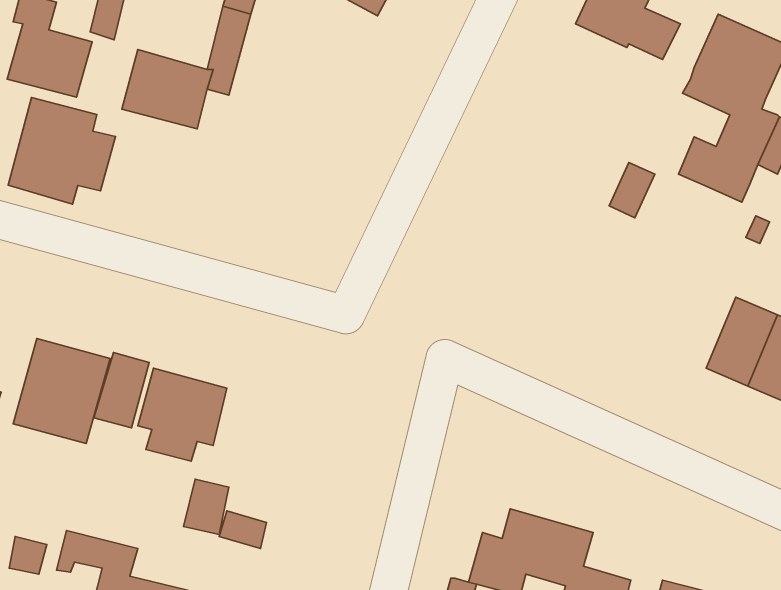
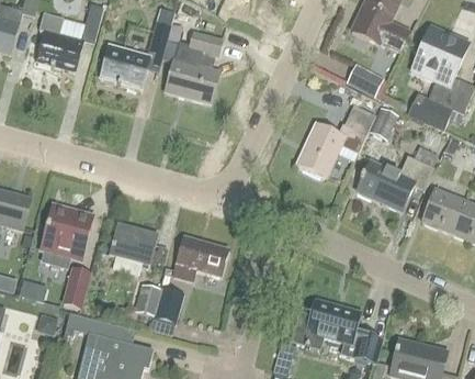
building: none -> [166,32,222,102]
building: none -> [346,67,384,97]
building: [8,98,115,204] -> none
building: none -> [297,104,375,176]
building: none -> [357,155,434,211]
building: [94,353,149,428] -> [60,266,91,308]
building: none -> [173,235,228,279]

